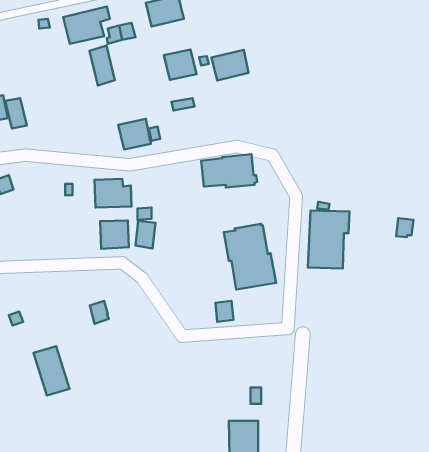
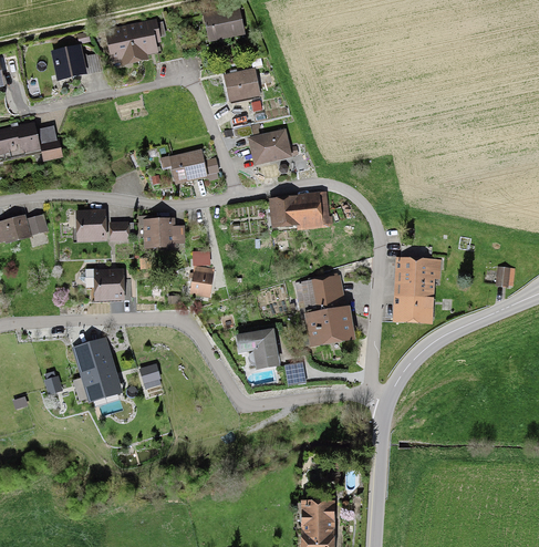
building: none -> [53,48,85,79]
building: [89,46,115,85] -> none
building: [211,50,249,80] -> [248,131,291,166]
building: none -> [74,210,102,237]
building: [100,220,129,249] -> [93,270,126,303]
building: none -> [235,326,278,369]
building: [33,346,70,396] -> [74,339,116,396]

